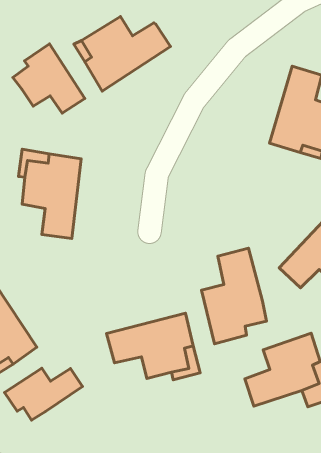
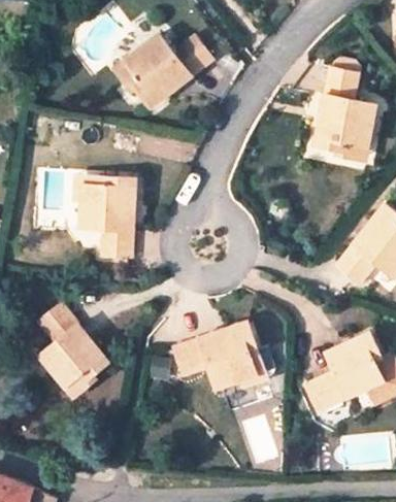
building: [13,44,85,113] -> none
building: [202,248,267,344] -> none
building: [4,368,82,420] -> none

